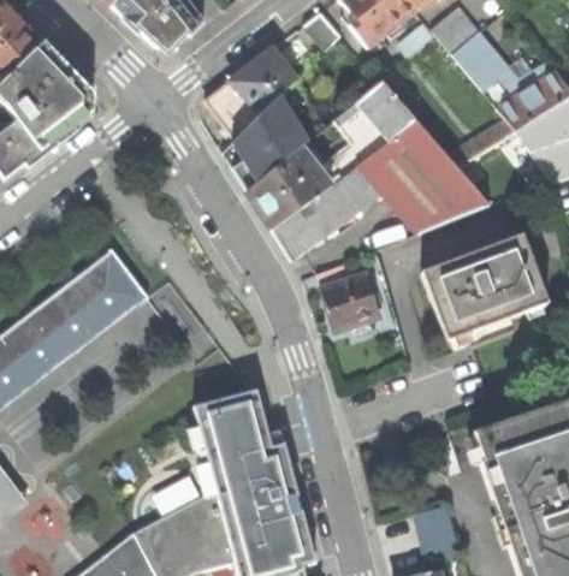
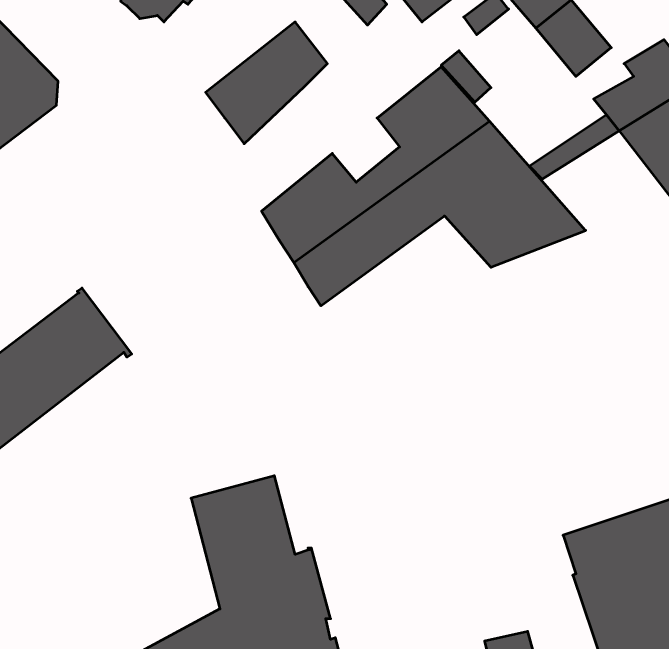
building: [223,96,307,190] -> none
building: [421,236,546,340] -> none
building: [316,261,379,331] -> none

